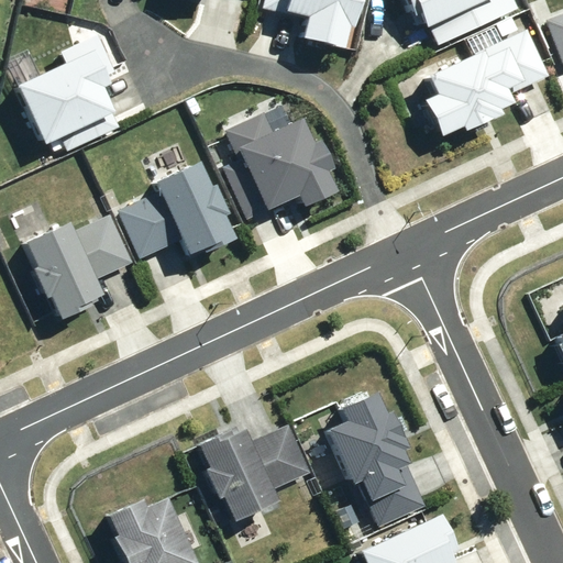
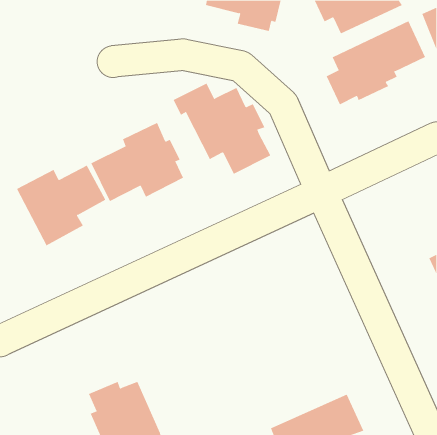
building: [9,43,107,157] -> none
building: [322,394,422,525] -> none
building: [205,420,312,519] -> none

